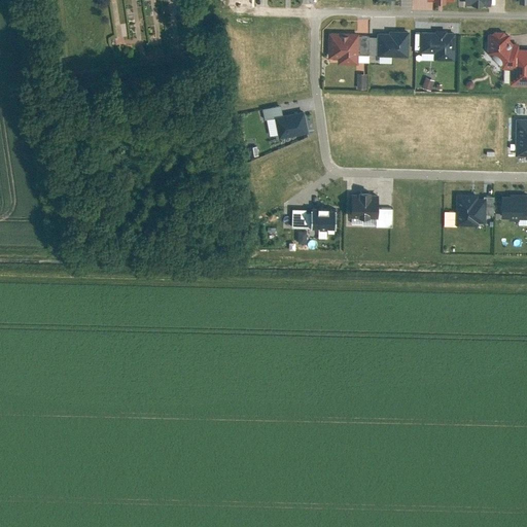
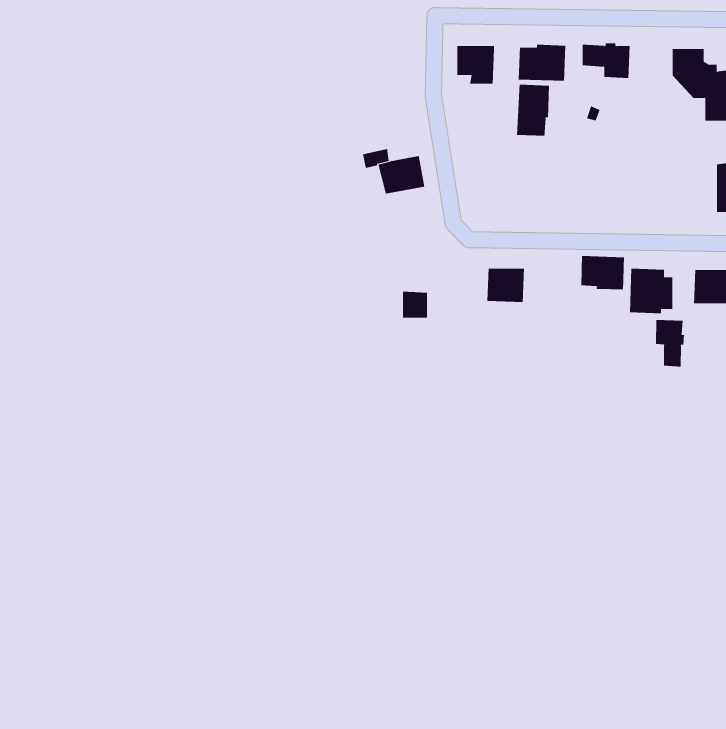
building: none -> [517,84,550,137]
building: none -> [581,255,625,290]
building: [311,210,336,232] -> none
building: none -> [655,319,685,368]

